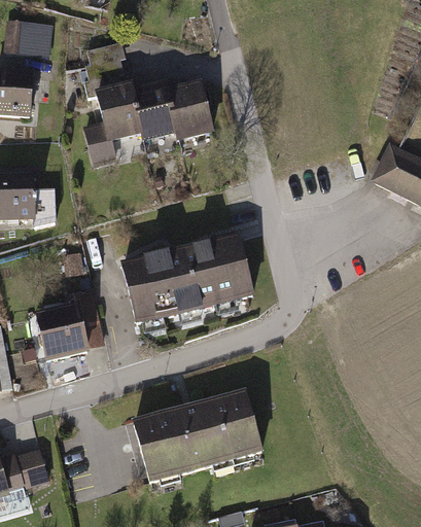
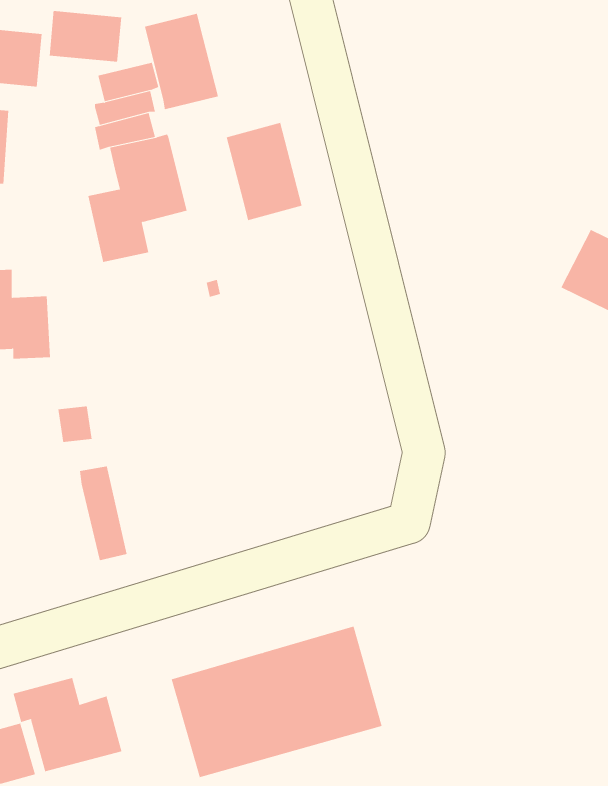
building: none -> [49,10,122,63]
building: [131,79,177,139] -> [144,13,219,110]
building: [120,234,253,324] -> none
building: [34,302,89,361] -> none
building: none -> [13,677,122,772]

